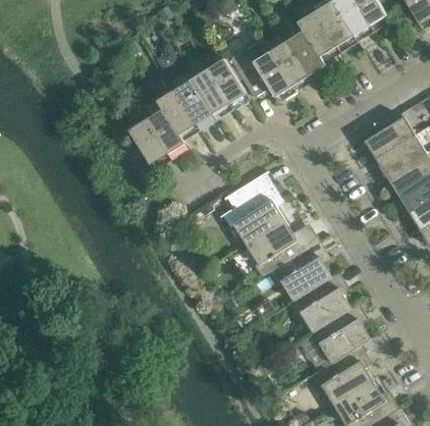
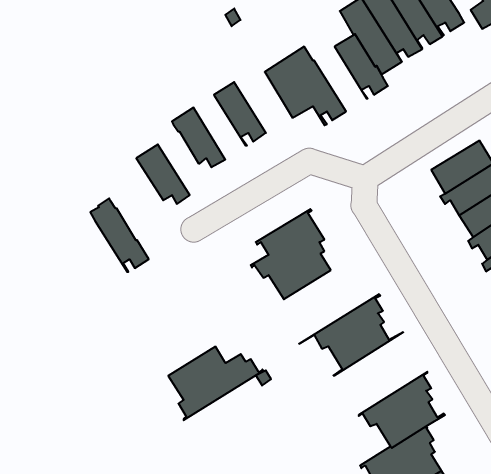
building: [270,40,312,92] -> none
building: [206,57,249,109] -> none
building: [173,78,215,130] -> none
building: [141,100,187,159] -> [90,198,149,272]
building: [246,219,322,278] -> [168,347,264,420]
building: [286,269,361,335] -> none

